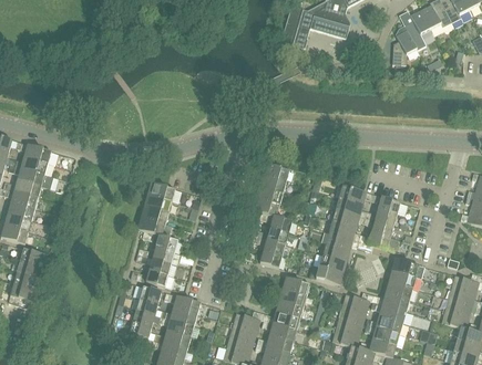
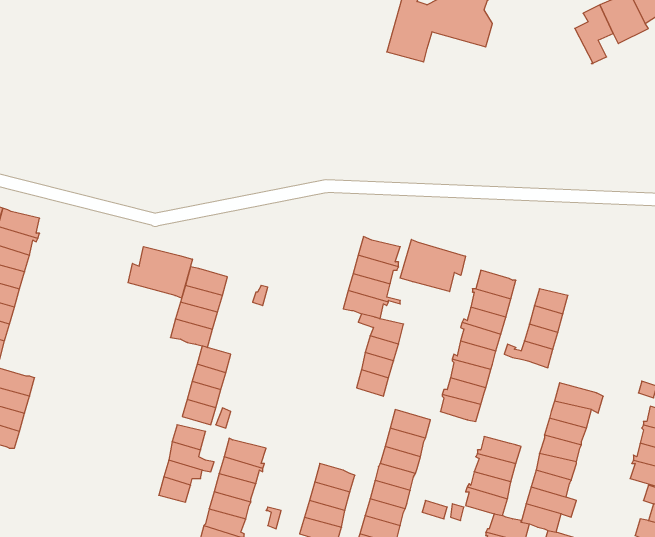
building: [392,24,417,63] -> none
building: none -> [400,239,465,292]
building: none -> [128,247,192,298]

